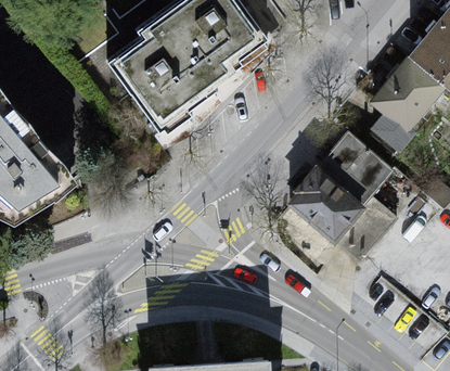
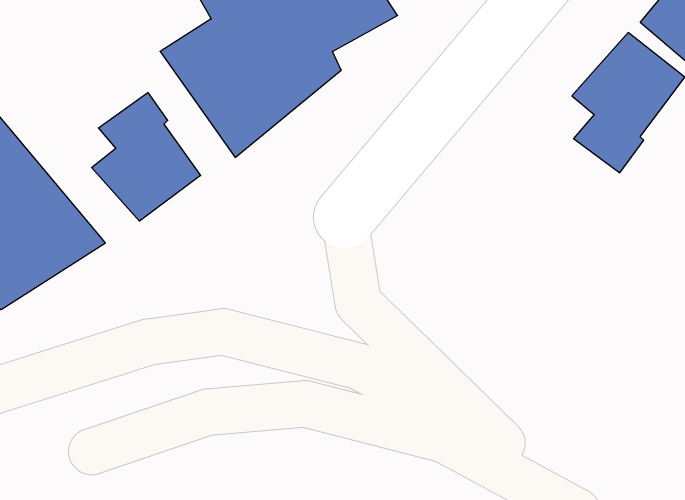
building: none -> [92,93,201,221]
building: [288,126,399,255] -> none

